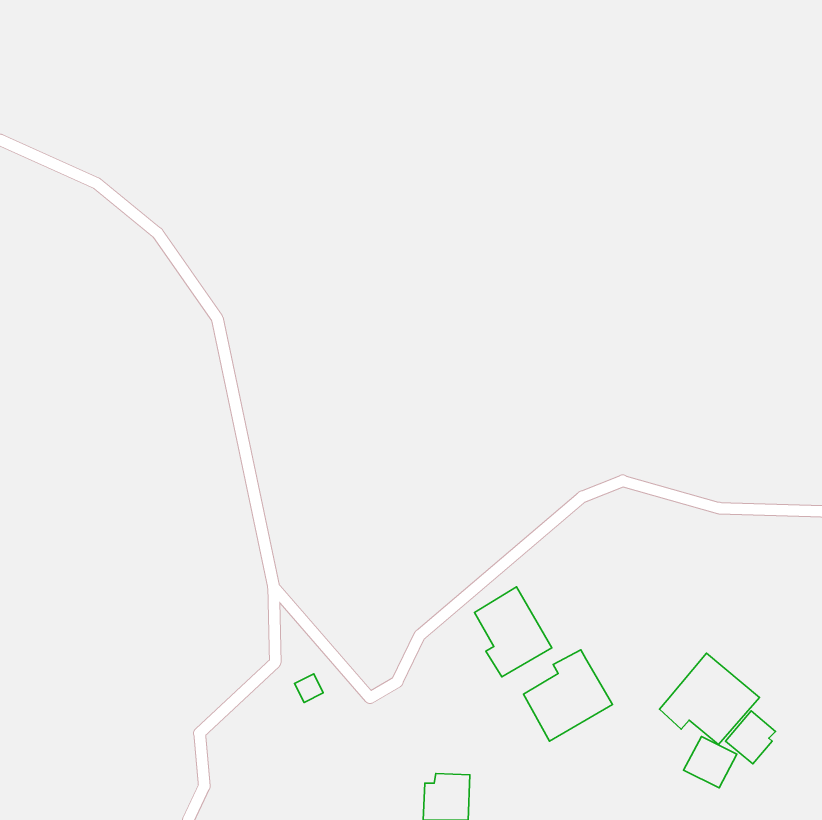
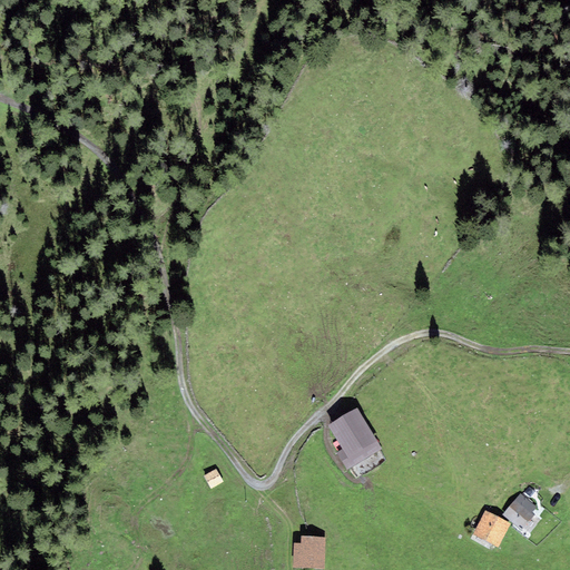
building: [524,650,613,741] -> none
building: [659,653,760,744] -> none

